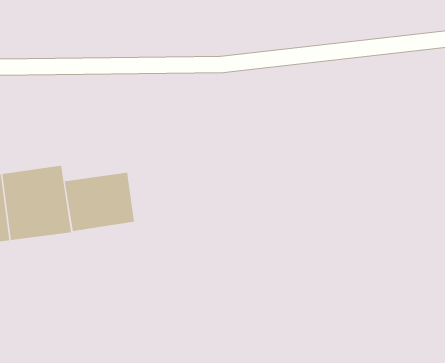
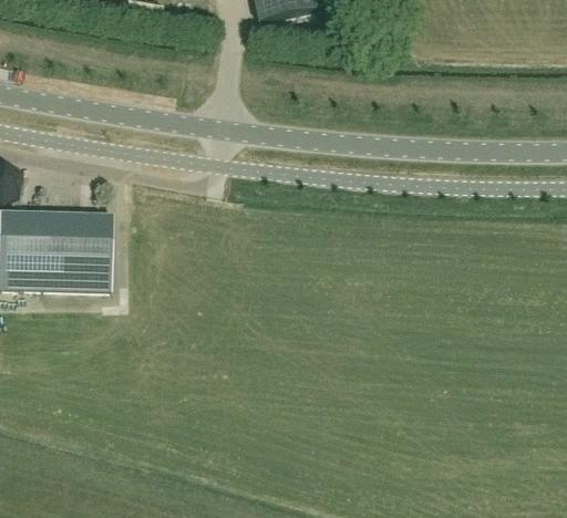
building: [64,172,135,232] -> none

